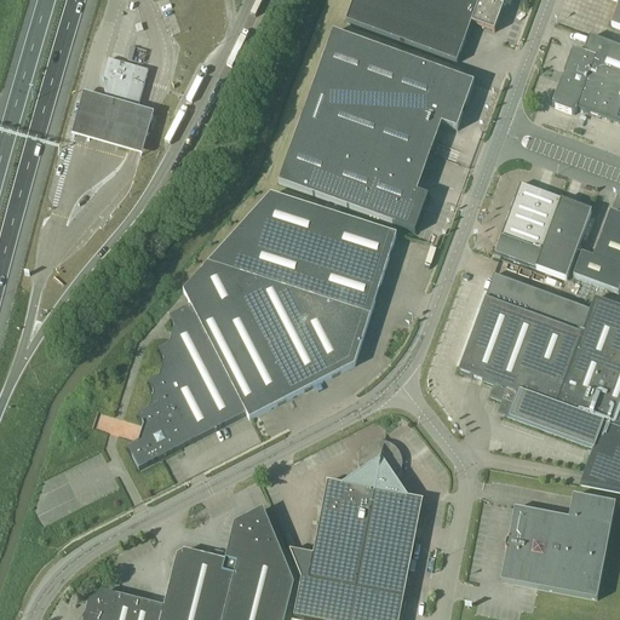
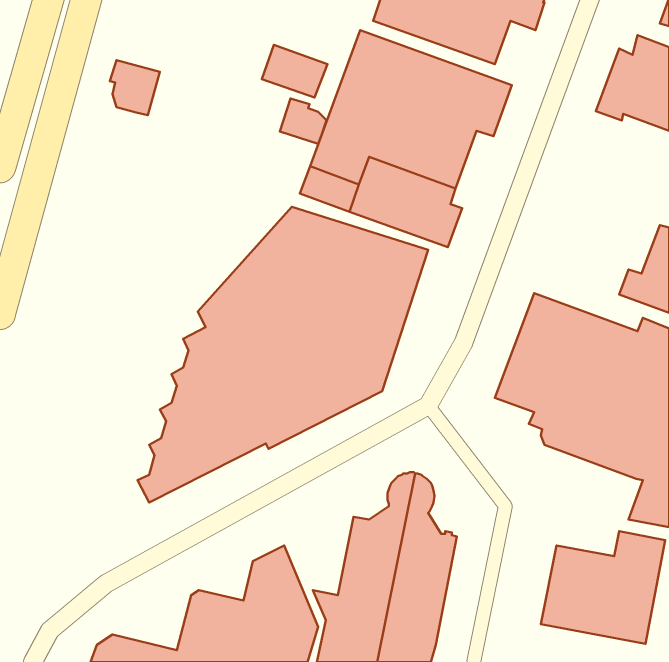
building: none -> [262,45,328,98]
building: none -> [280,99,327,144]
building: [70,93,154,156] -> none
building: [494,180,591,276] -> none

